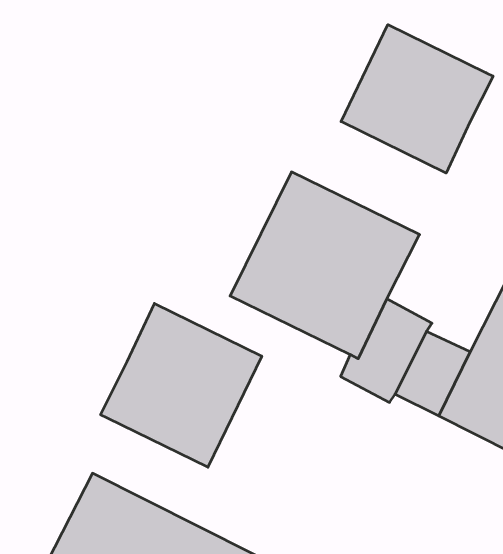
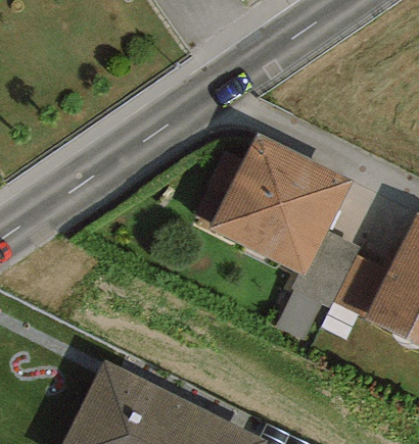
building: [341,25,493,173] -> none
building: [101,303,262,467] -> none

